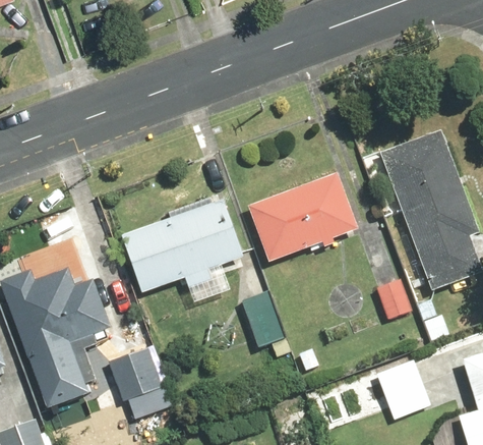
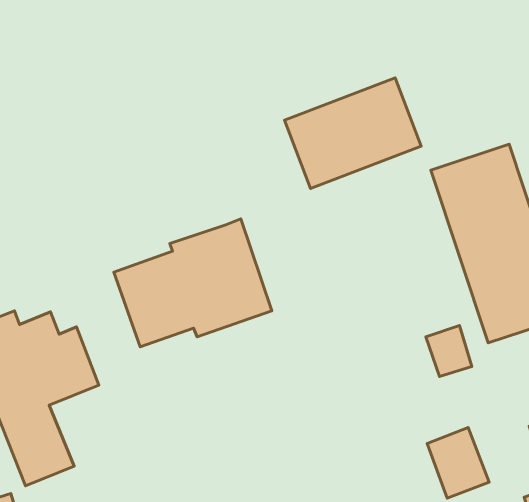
building: [247,171,359,262] -> [285,78,421,188]
building: [240,291,283,347] -> none
building: [106,345,163,403] -> none

